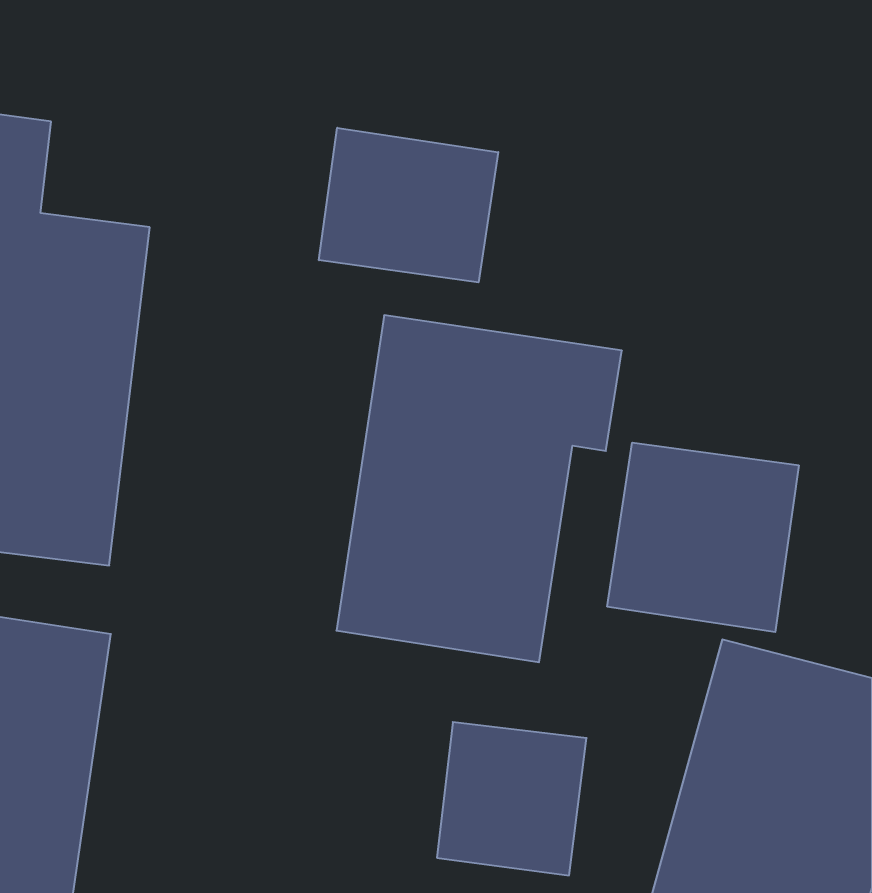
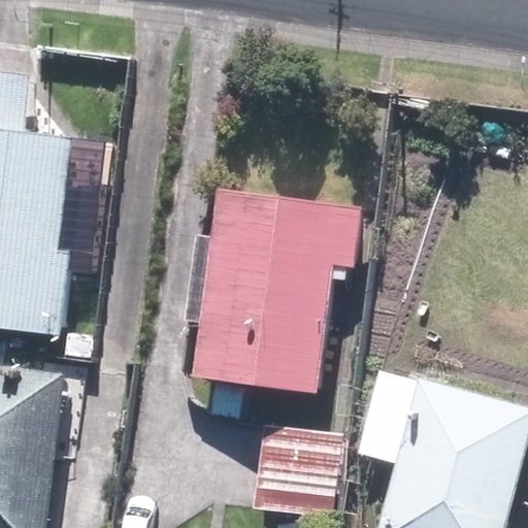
building: [319,128,498,282] -> none
building: [607,443,799,632] -> none

